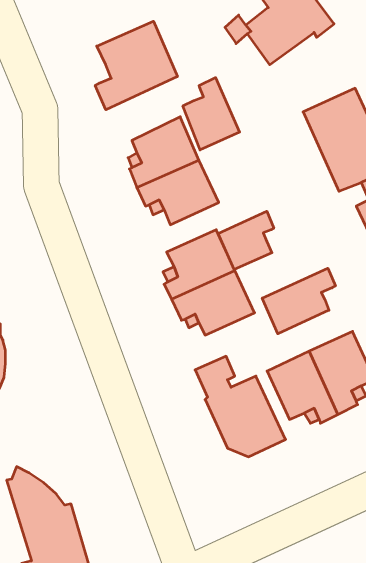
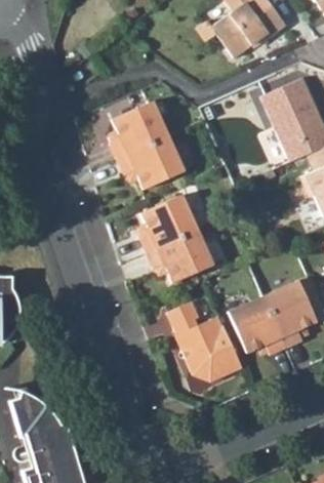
building: [95,21,177,110] -> none
building: [183,78,240,150] -> none
building: [218,211,274,270] -> none
building: [262,268,335,334] -> none

